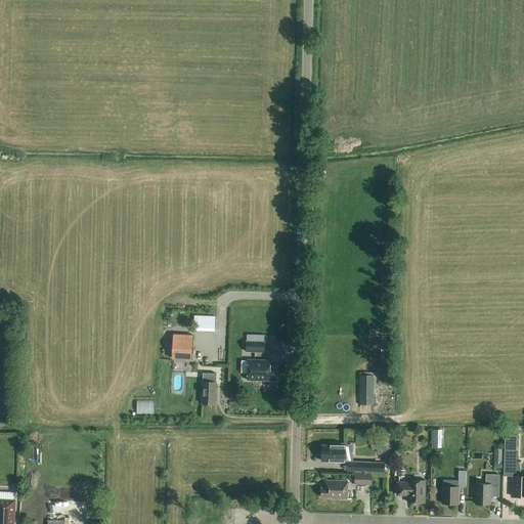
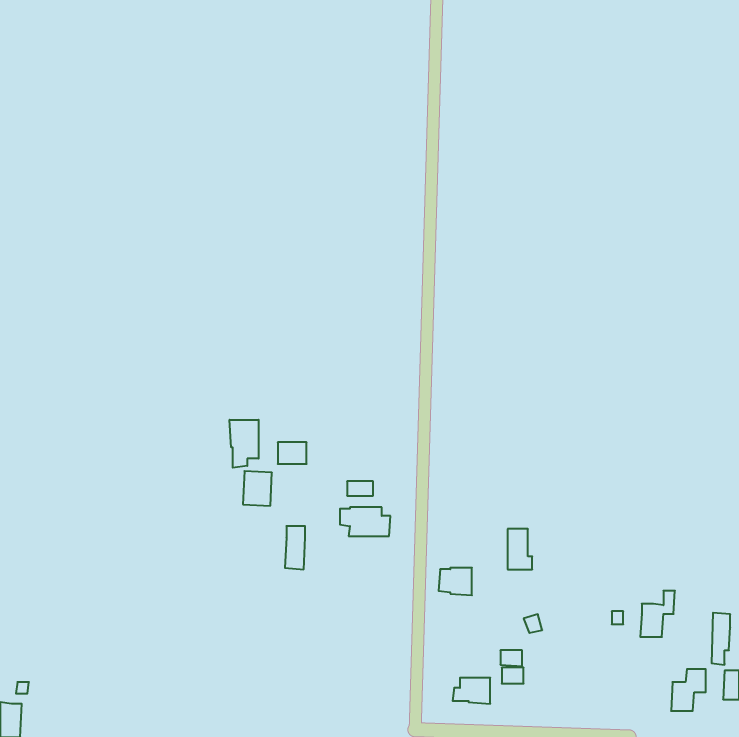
building: none -> [230,420,259,468]
building: [321,443,345,463] -> [439,568,472,595]
building: [442,470,467,503] -> [640,591,675,637]
building: [397,480,425,501] -> none

